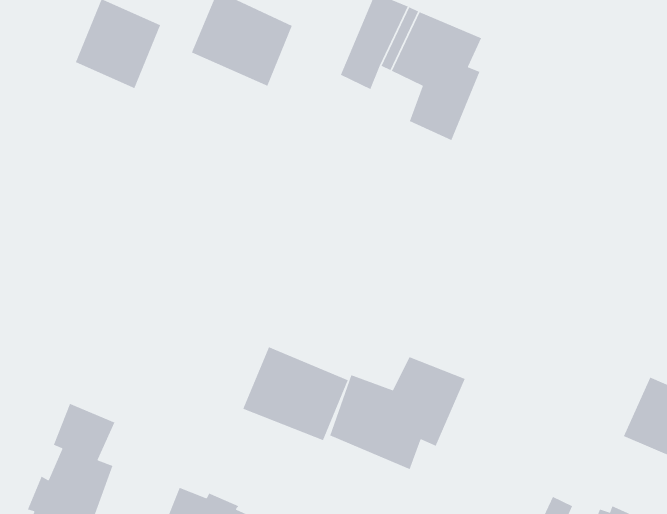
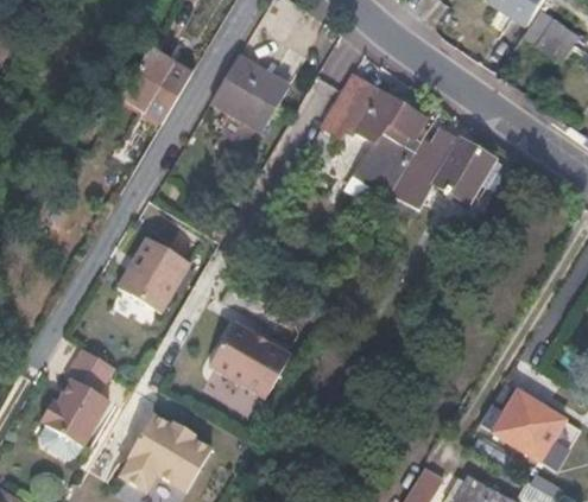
building: none -> [392,129,492,210]
building: none -> [114,231,189,309]
building: [329,356,466,470] -> none

